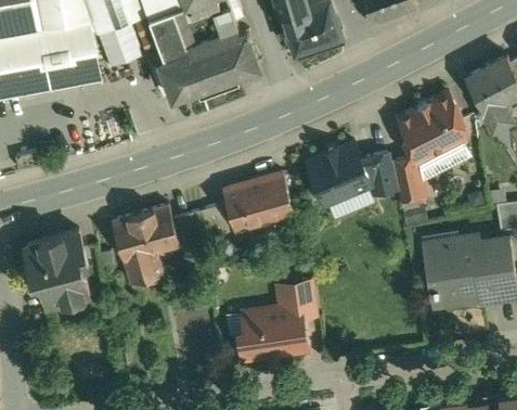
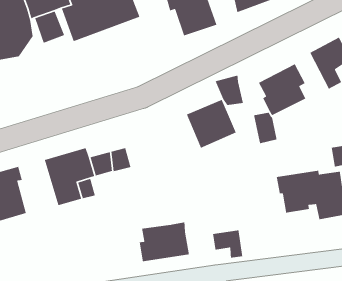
building: [159,28,259,95] -> none
building: [359,152,398,194] -> [215,74,244,106]
building: [223,171,294,231] -> none
building: [277,280,319,319] -> [212,229,243,259]

